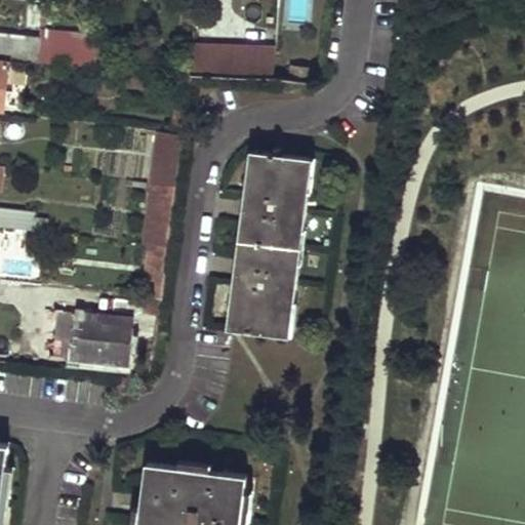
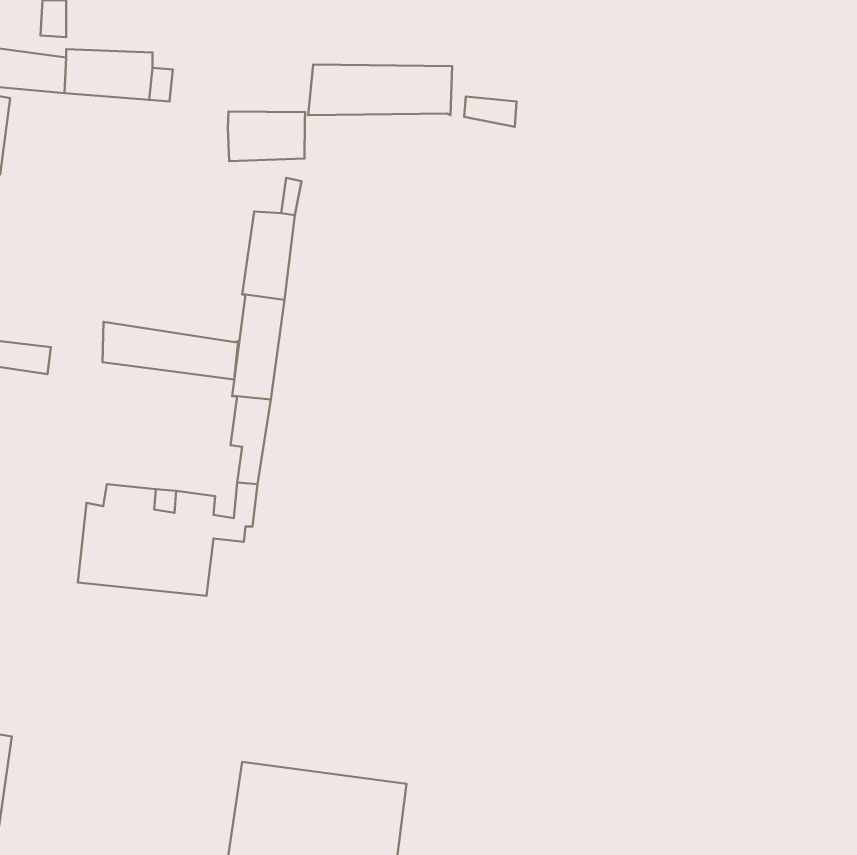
building: none -> [228,111,305,161]
building: [221,152,313,338] -> none
building: none -> [102,322,238,380]

